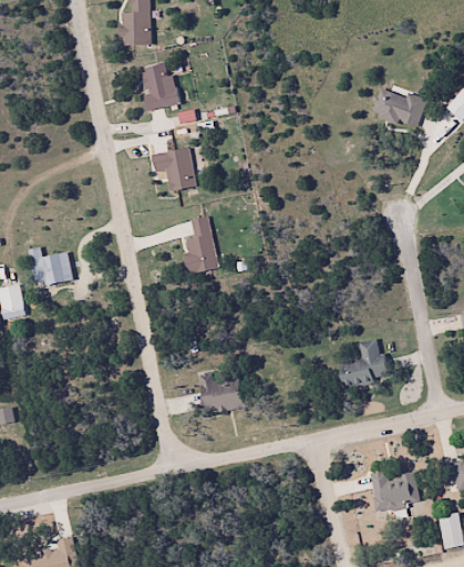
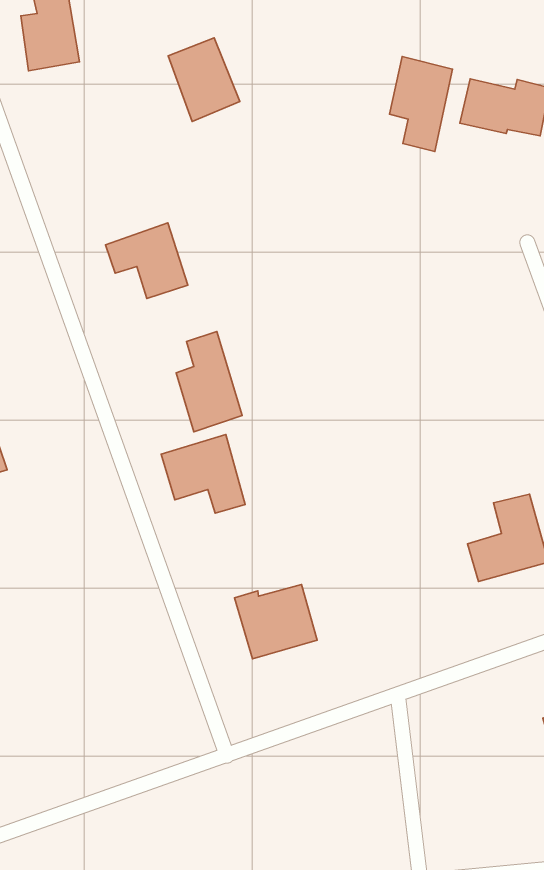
building: [140,63,178,111] -> [168,38,240,121]
building: none -> [389,56,453,151]
building: none -> [161,434,245,513]

